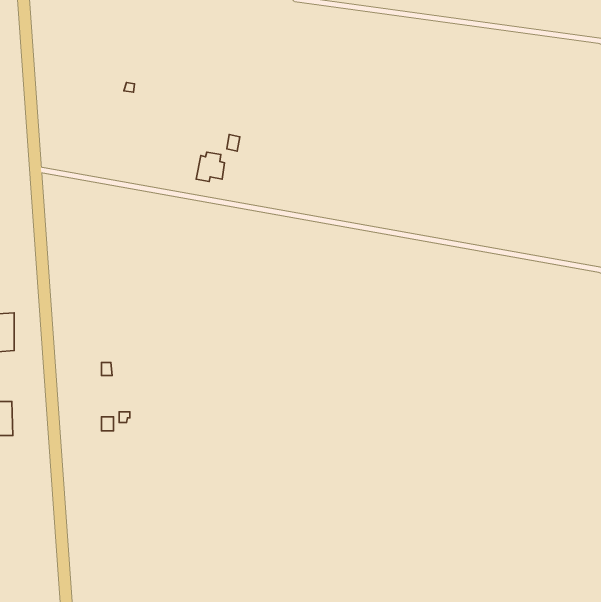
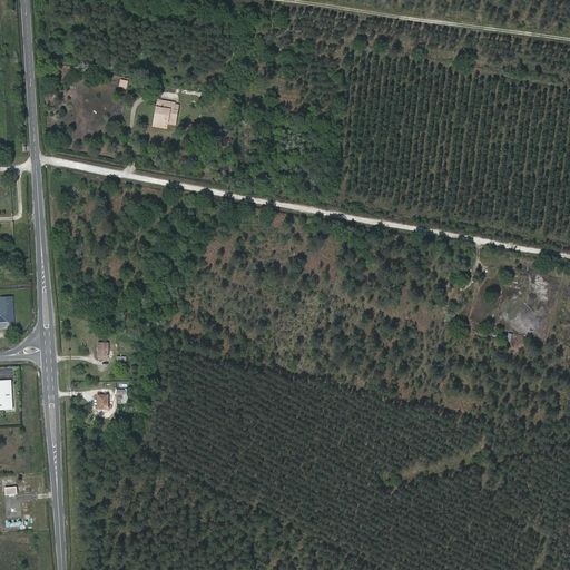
building: [196,152,224,182] -> [149,100,176,128]

